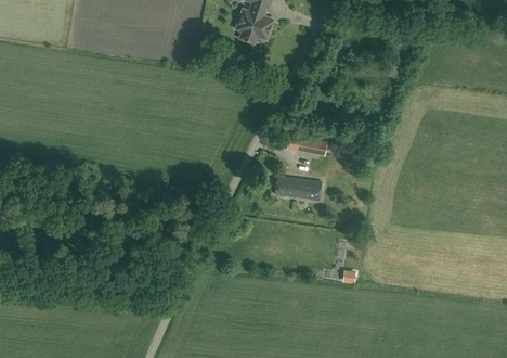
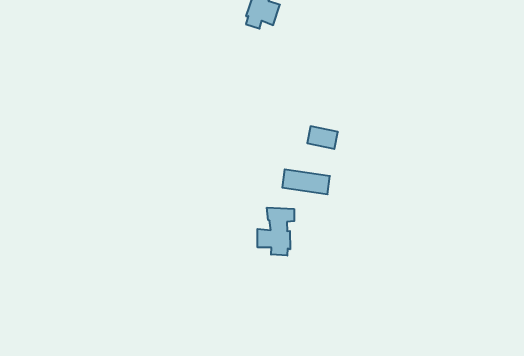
building: none -> [257,208,294,256]

